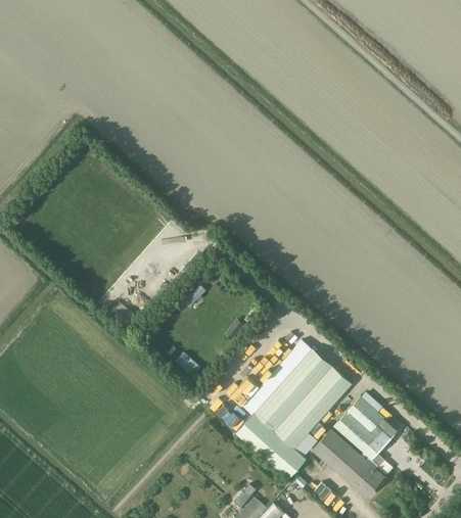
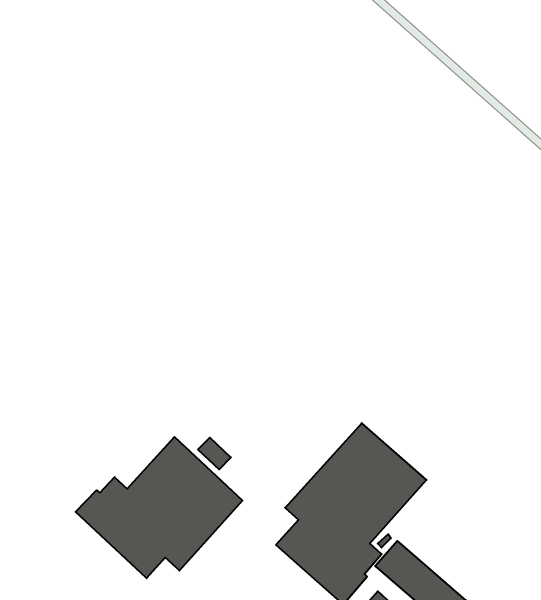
building: none -> [76,437,242,578]
building: [334,394,398,466] -> none

